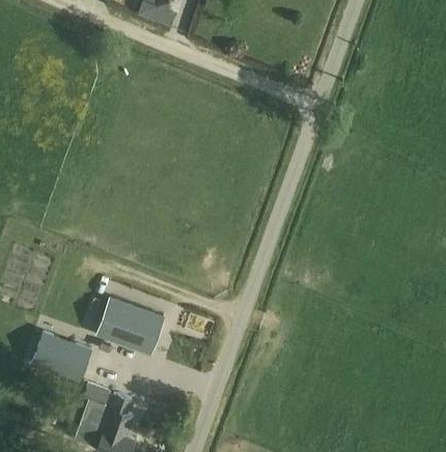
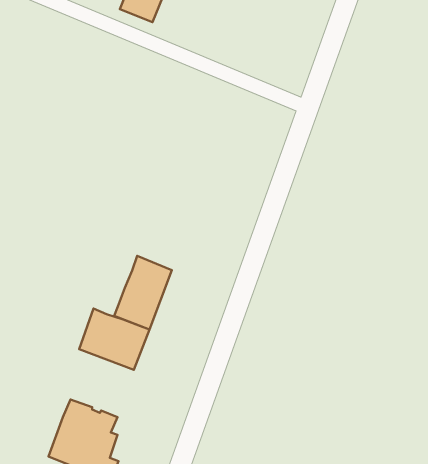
building: none -> [114,256,172,329]
building: [31,332,92,383] -> none

